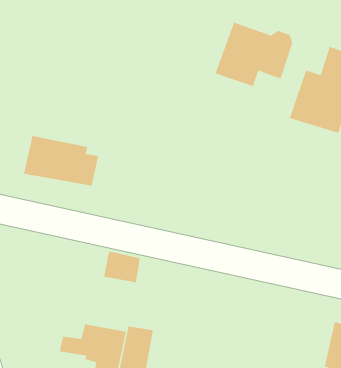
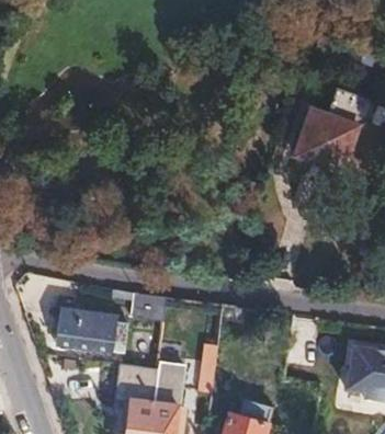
building: [215,21,293,87] -> none
building: [23,135,99,186] -> [57,307,127,351]

